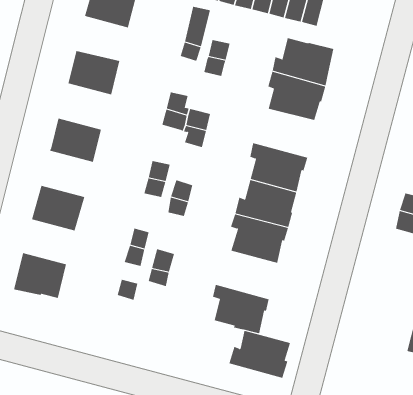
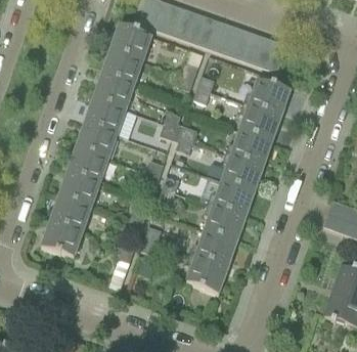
building: none -> [101,50,141,85]
building: none -> [84,98,125,134]
building: none -> [225,129,272,167]
building: none -> [68,146,107,182]
building: none -> [50,195,90,230]
building: [228,330,291,379] -> [189,230,236,268]

